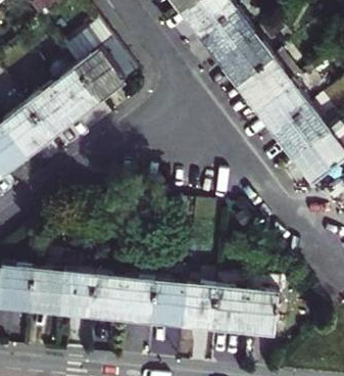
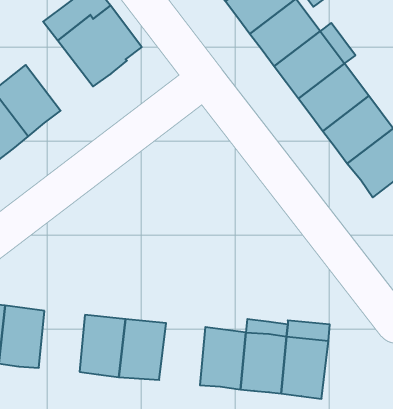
building: [48,66,99,120] -> none
building: [58,271,93,317] -> none
building: [149,280,184,327] -> none

